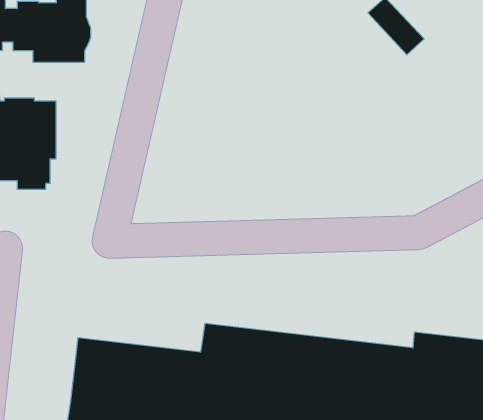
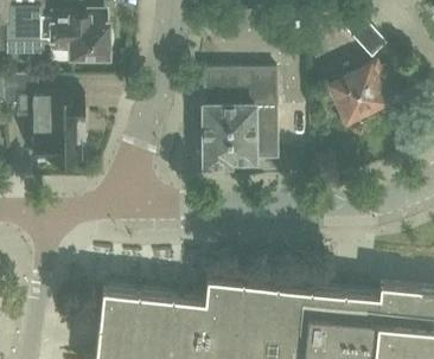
building: none -> [330,63,391,121]
building: none -> [203,72,277,167]

